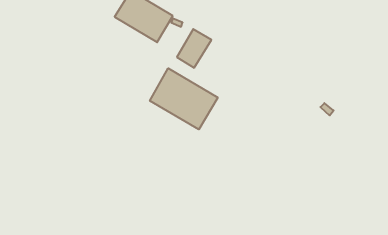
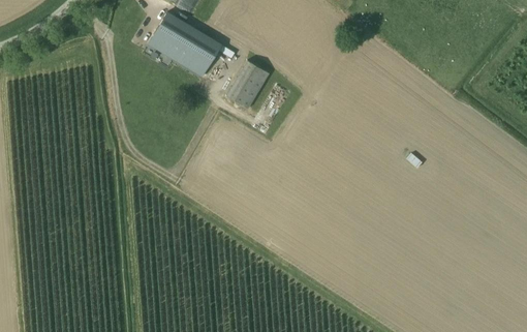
building: [150,68,218,129] -> none

